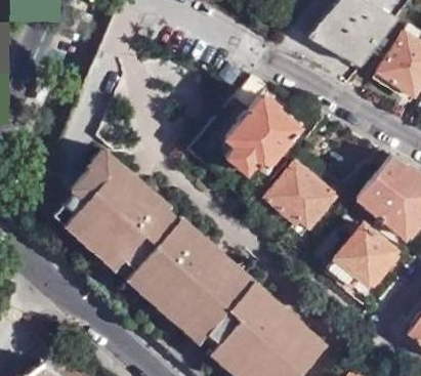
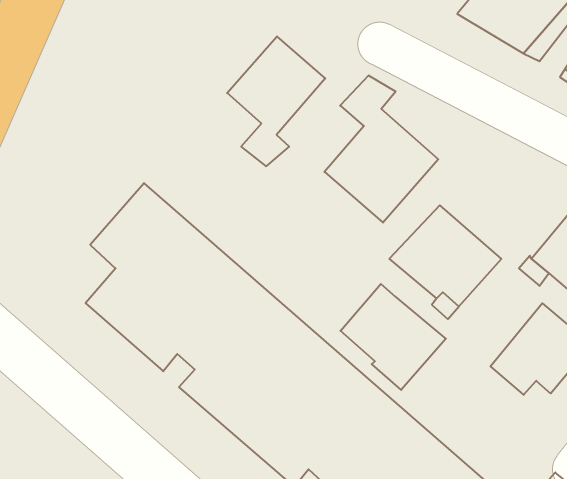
building: none -> [227,36,325,166]
building: none -> [340,284,446,390]

